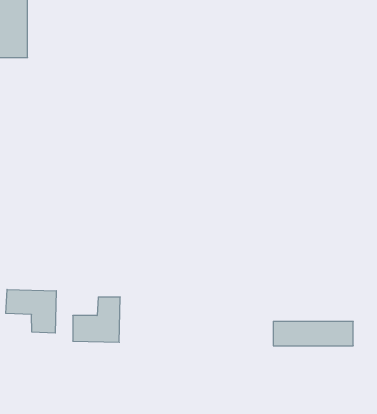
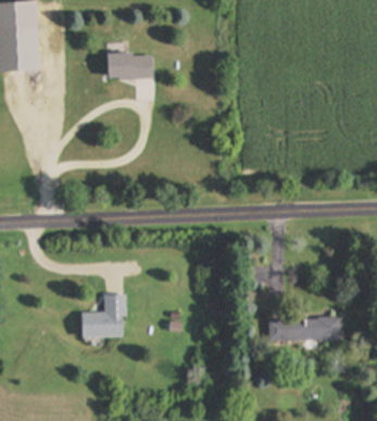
building: none -> [109,53,151,79]
building: [6,289,56,333] -> none

